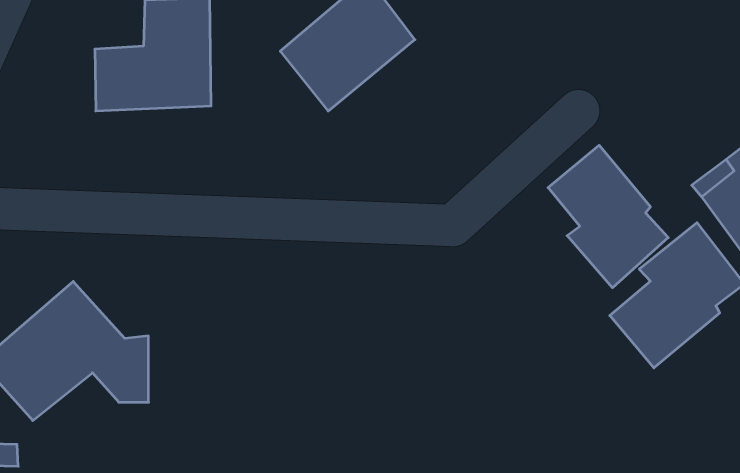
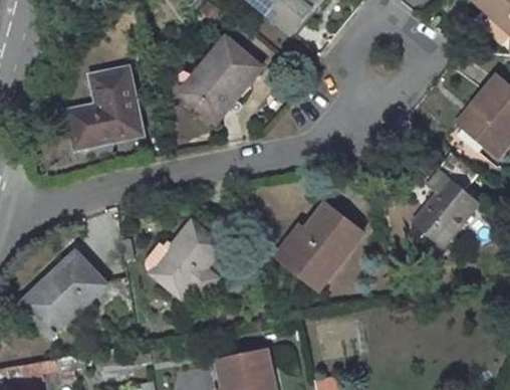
building: [548,145,668,288] -> none
building: none -> [143,218,222,295]
building: none -> [266,206,351,292]

